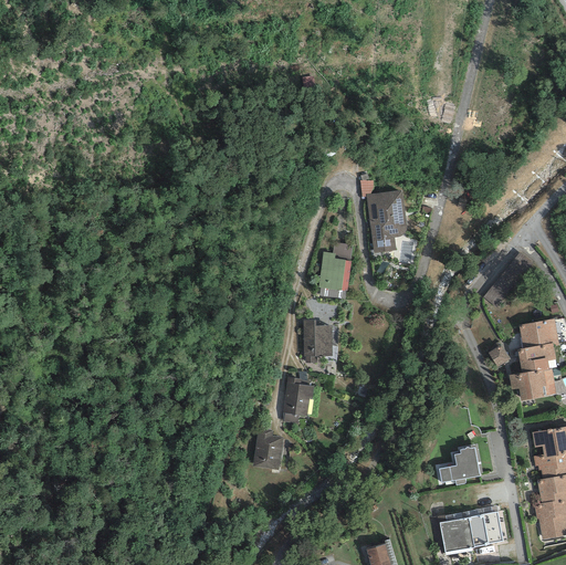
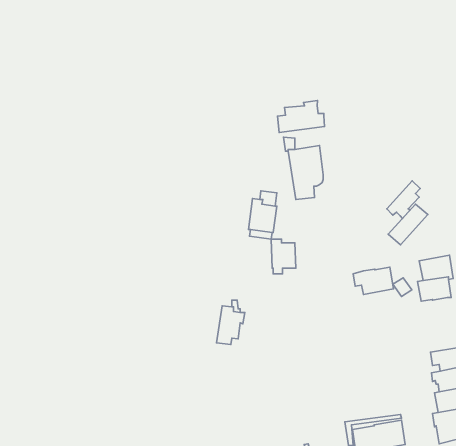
building: none -> [277,100,325,133]
building: none -> [387,181,420,219]
building: [304,321,333,362] -> [271,239,296,274]
building: [510,367,557,399] -> [353,267,394,295]
building: [253,427,283,469] -> none
building: [440,447,481,482] -> none

